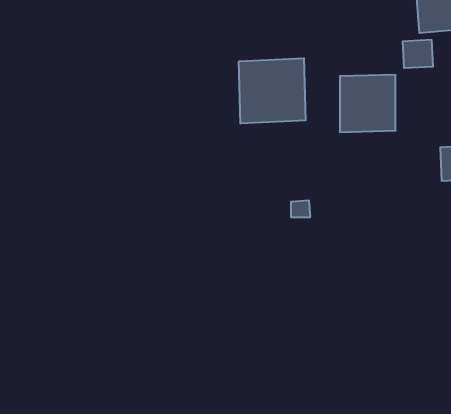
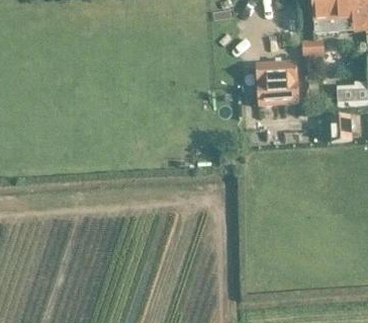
building: [239,58,306,124] -> none

